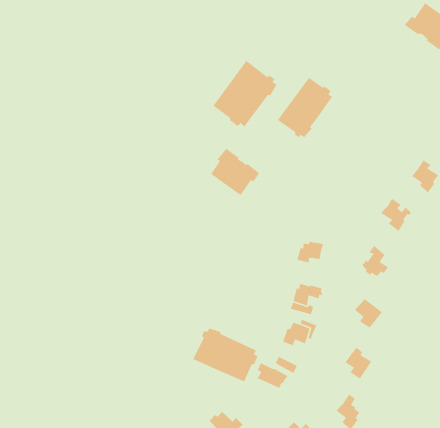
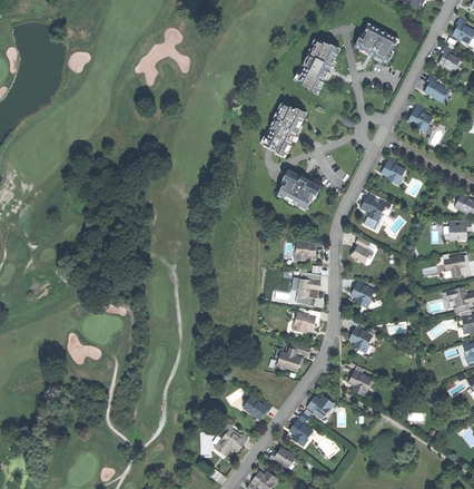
building: none -> [294,37,339,94]
building: [212,60,277,127] -> none
building: [210,148,260,196] -> [277,170,319,209]
building: [192,327,258,383] -> none

